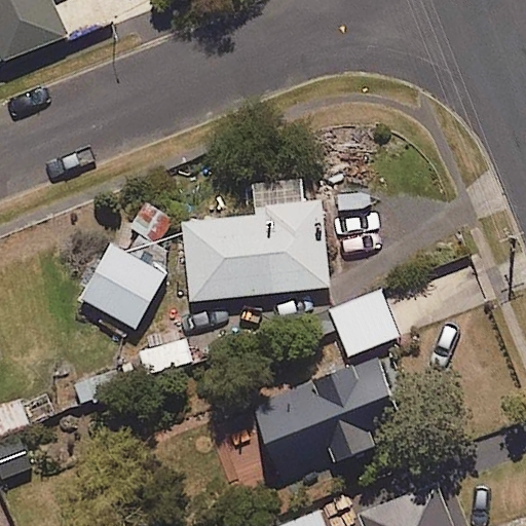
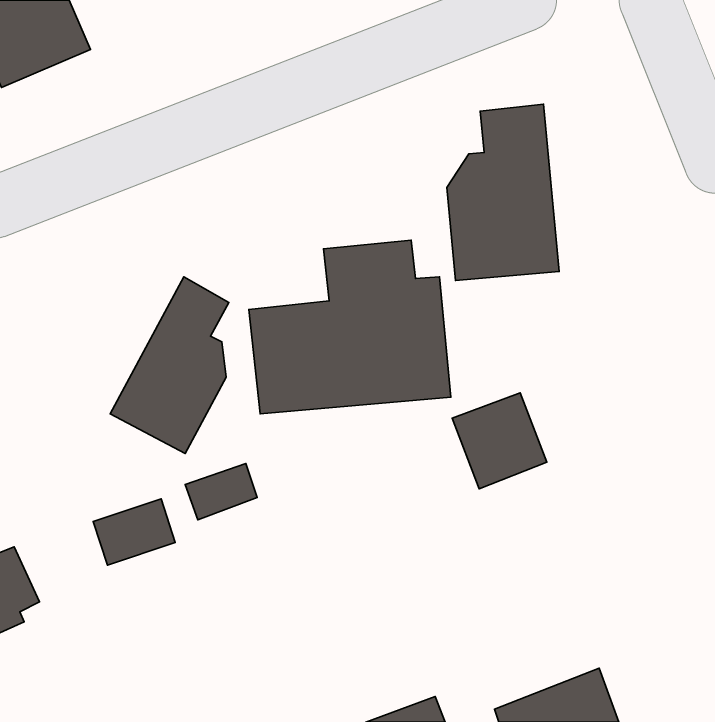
building: none -> [447,104,559,281]
building: [251,358,406,483] -> none

